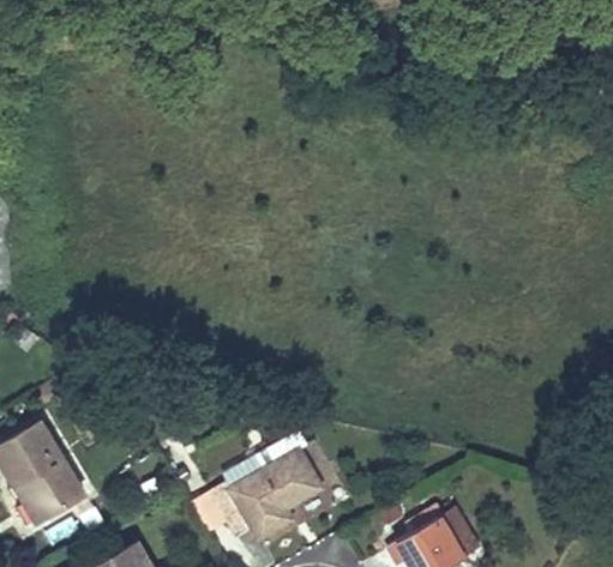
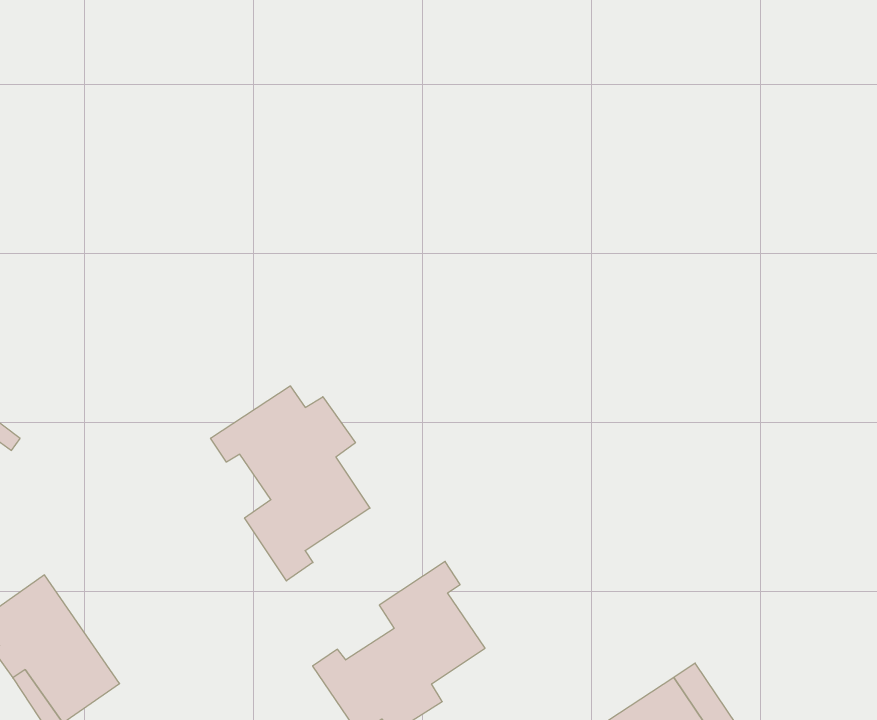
building: none -> [211,386,370,581]

